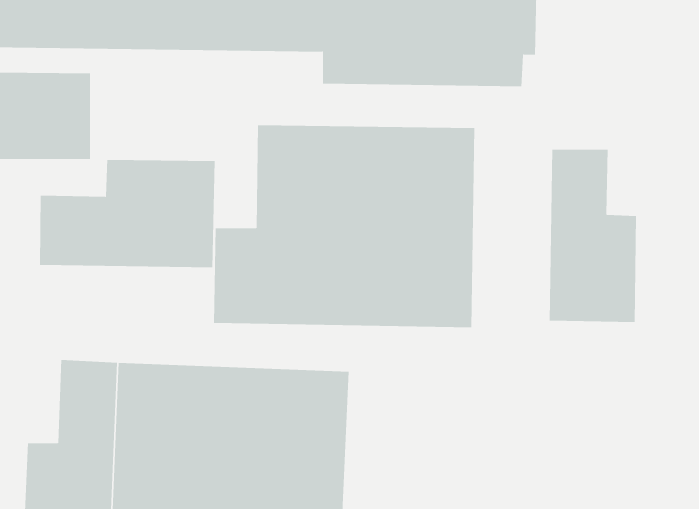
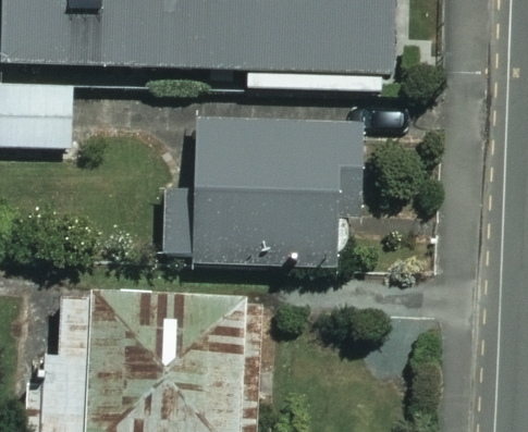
building: [549,149,637,323] -> none
building: [40,159,215,268] -> none

